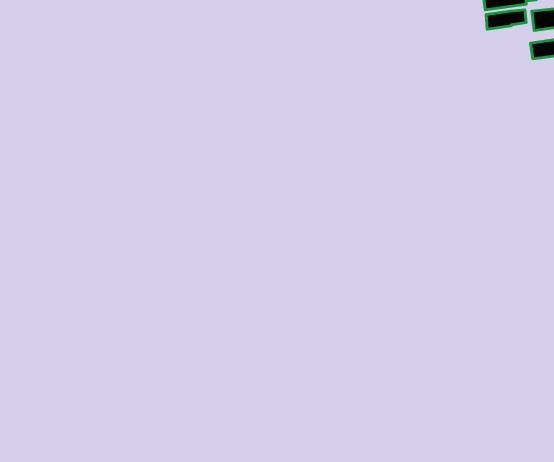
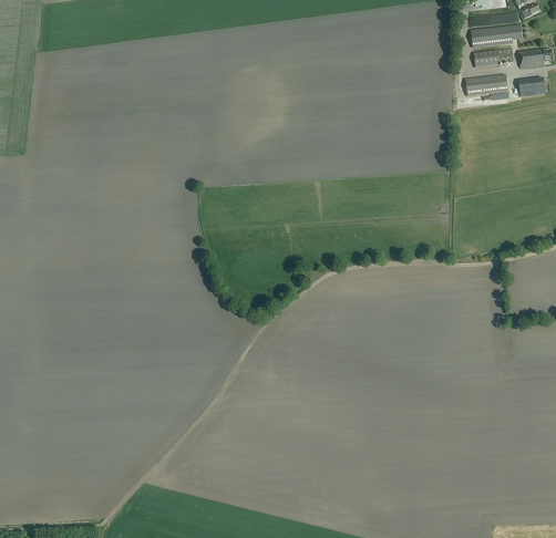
building: none -> [465,73,508,95]

